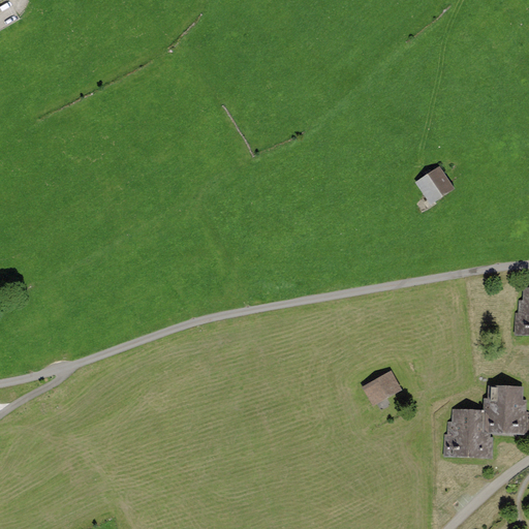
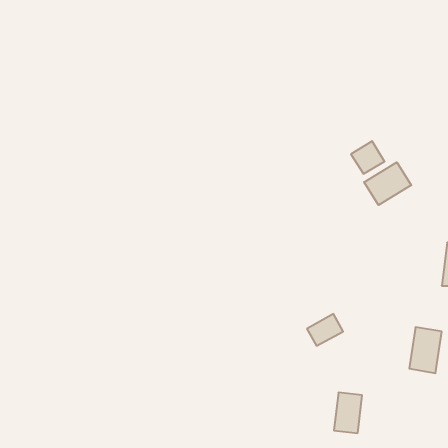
building: none -> [364,162,411,205]
building: [450,406,484,454] -> [334,393,362,433]

